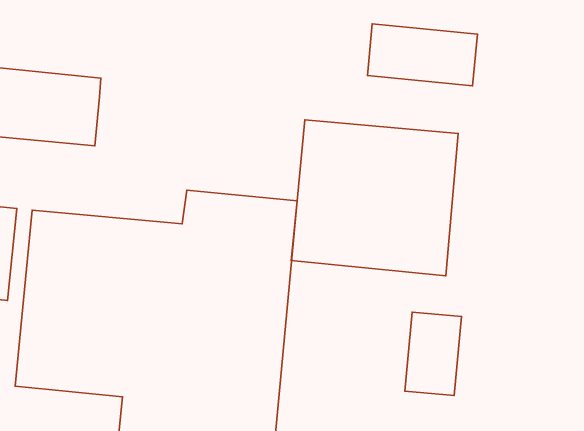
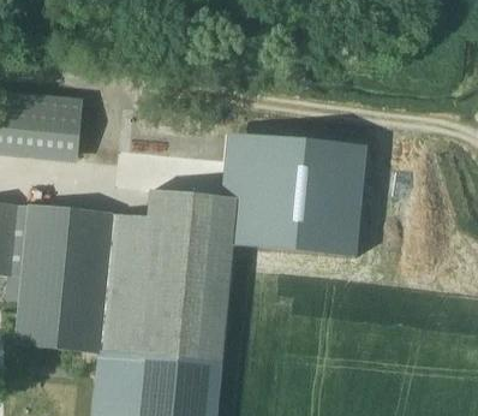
building: [367,24,477,86] -> none
building: [405,312,461,395] -> none

